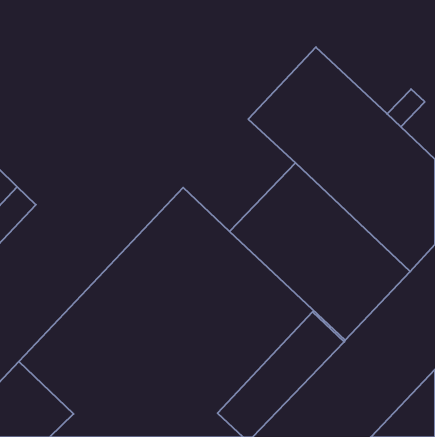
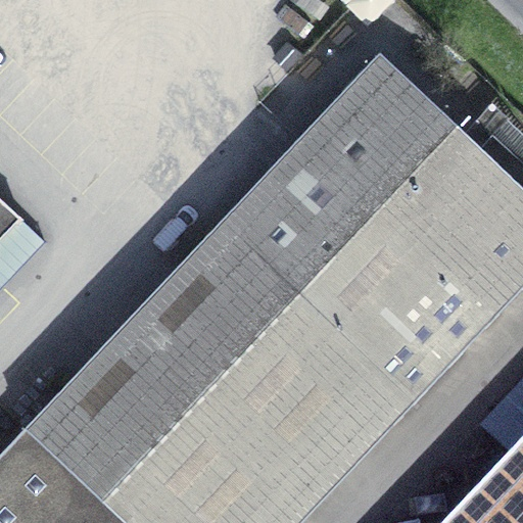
building: none -> [219,142,352,276]

